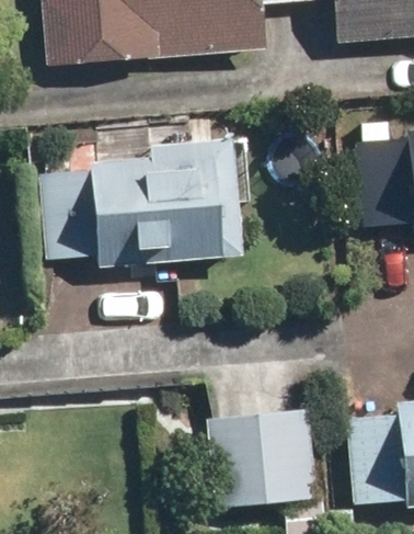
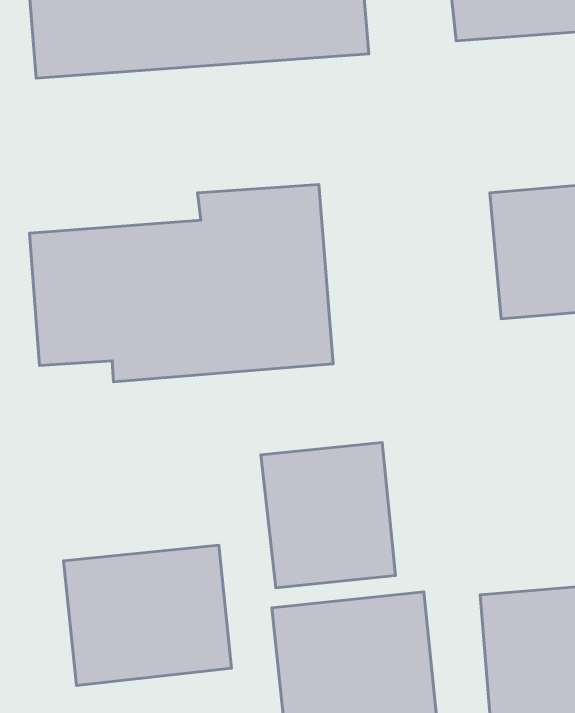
building: none -> [261,442,396,588]
building: none -> [64,545,231,685]

